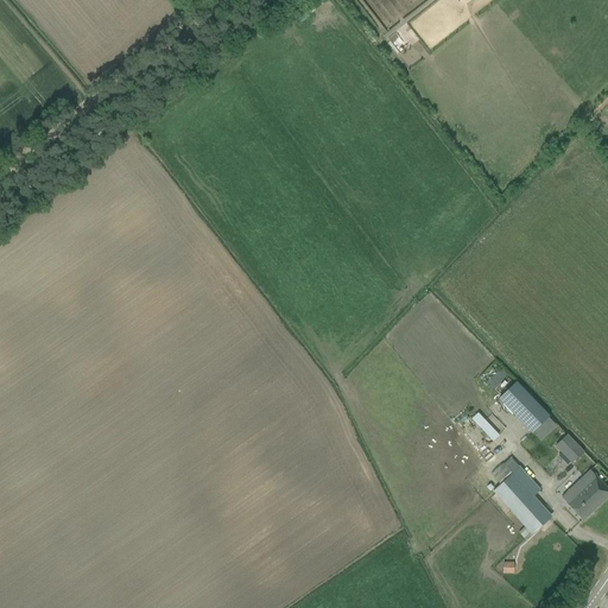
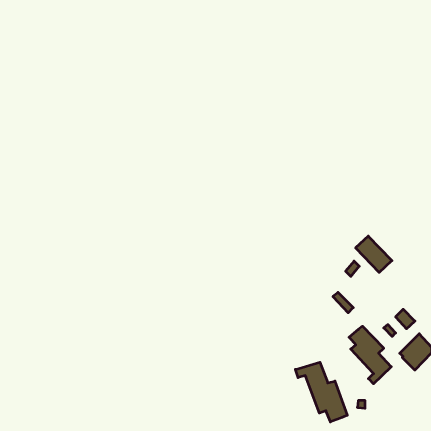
building: [499,381,550,432] -> [356,236,392,272]
building: none -> [295,362,347,422]

